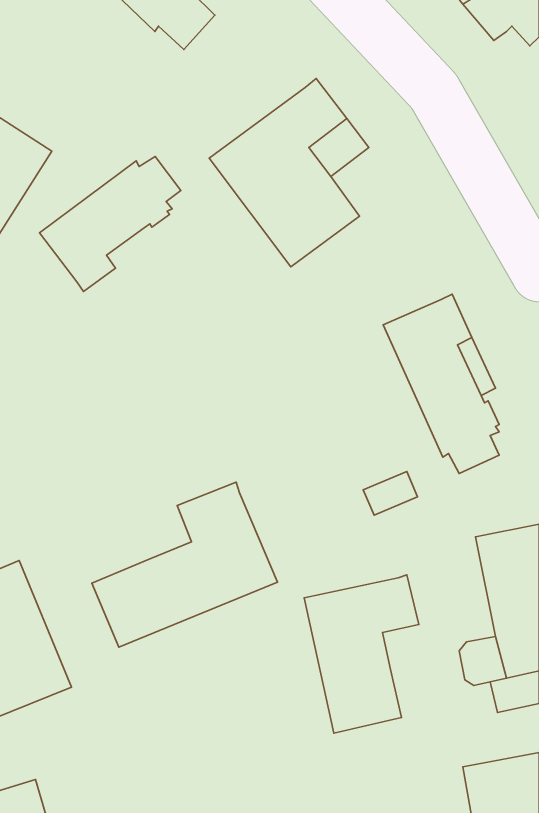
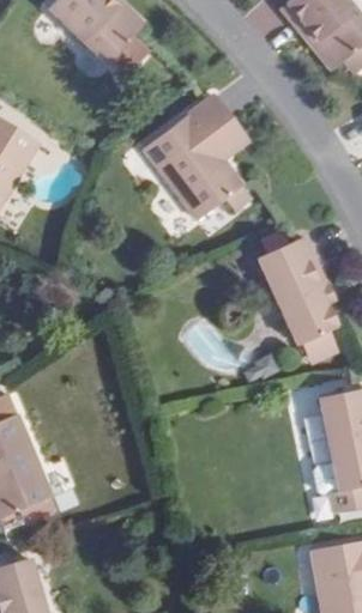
building: [39,156,181,292] -> none
building: [92,482,277,647] -> none
building: [304,575,419,733] -> none

